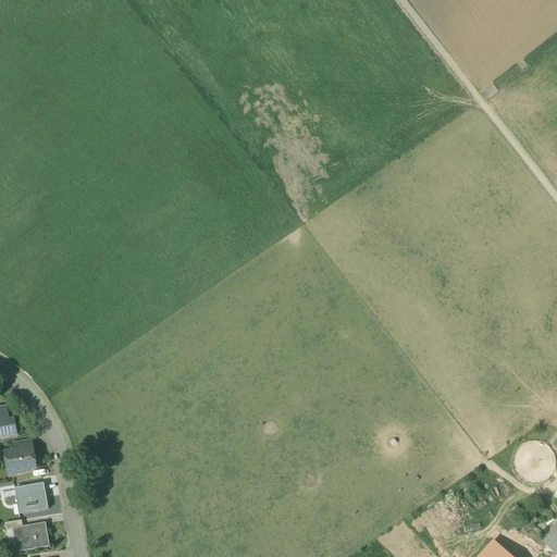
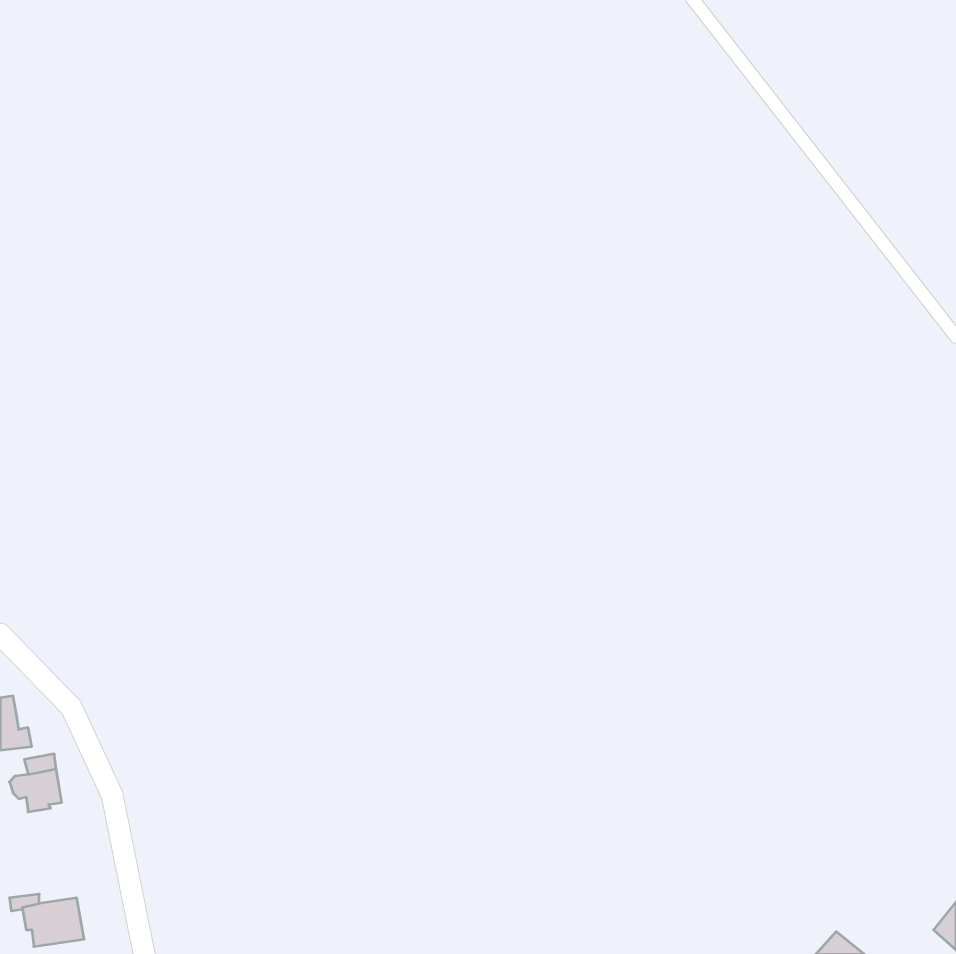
building: [15,482,48,512] -> none

